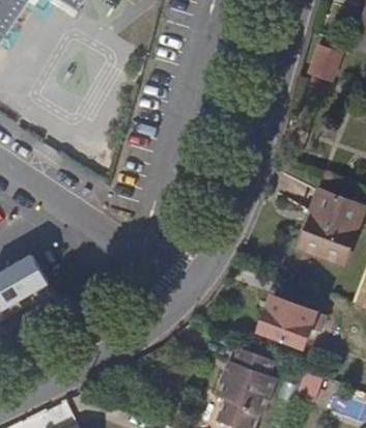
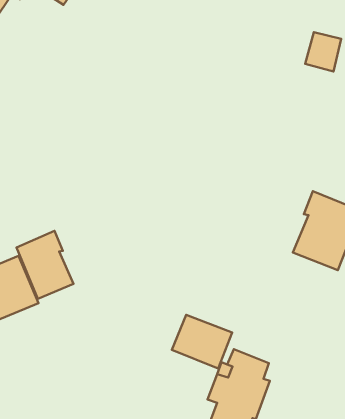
building: none -> [17,231,73,299]
building: [259,291,316,342] -> [172,315,232,369]

